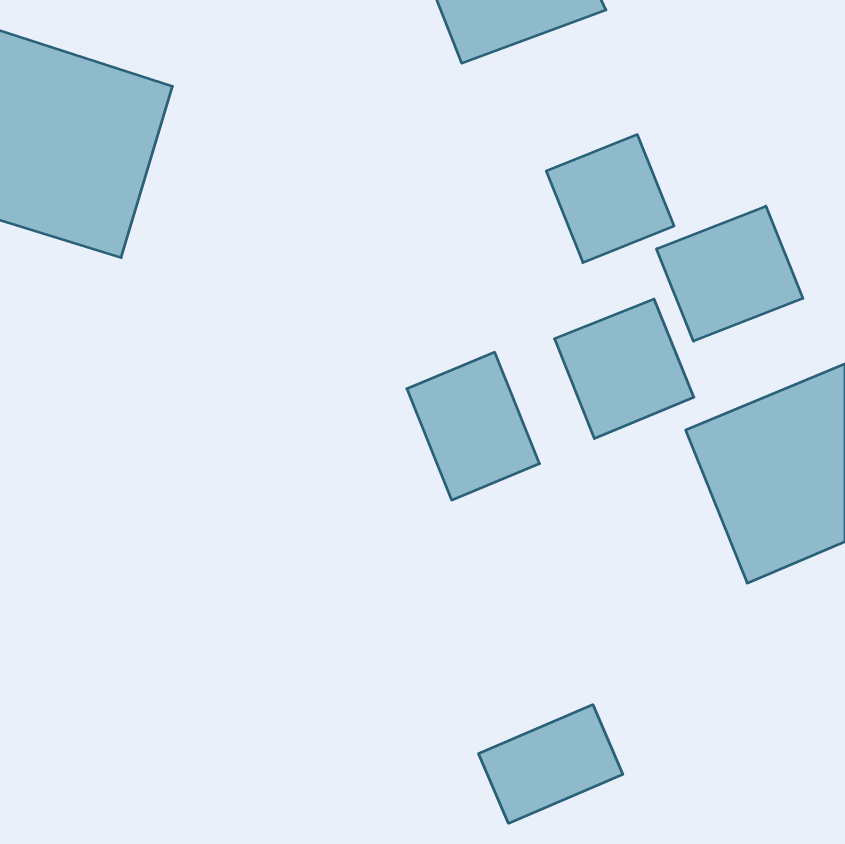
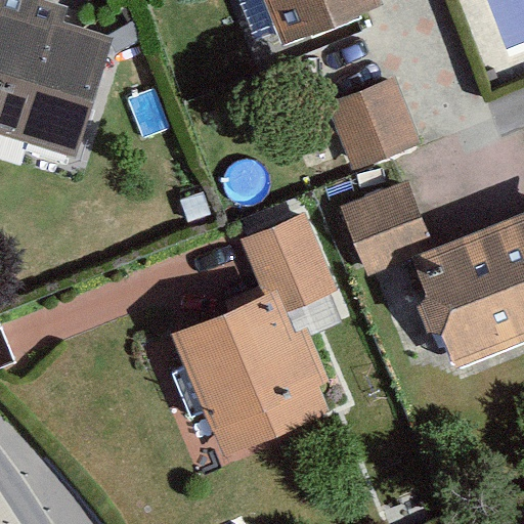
building: [657,206,803,341] -> none
building: none -> [182,291,317,447]
building: [479,705,623,823] -> none

